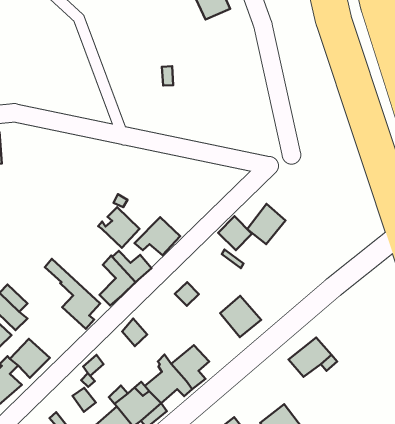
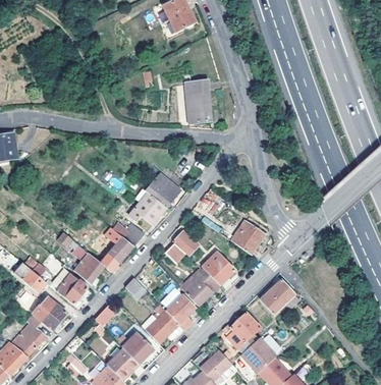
building: none -> [183,73,216,120]
building: [247,204,285,244] -> [235,222,266,255]
building: [98,207,139,248] -> [146,174,179,207]
building: none -> [173,230,200,261]
building: none -> [51,269,88,308]
building: none -> [182,268,220,307]
building: none -> [228,313,261,347]

